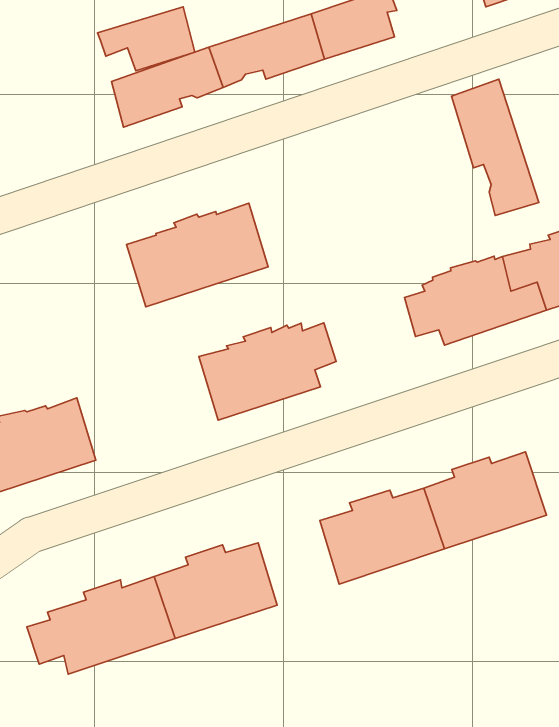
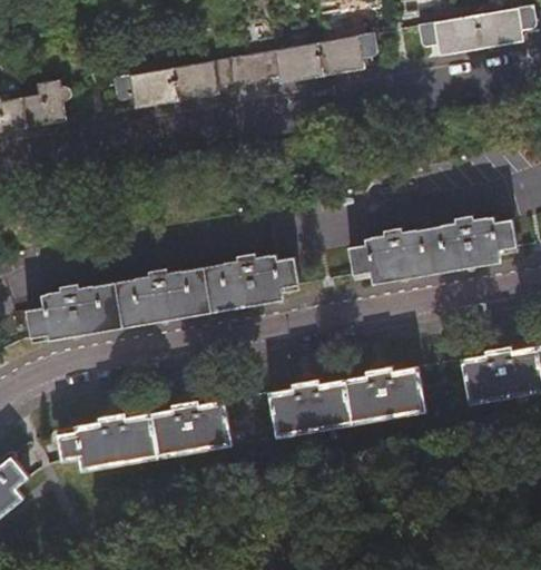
building: [98,7,195,71] -> [111,70,176,109]
building: [451,79,539,215] -> none
building: [127,203,268,307] -> [116,267,210,327]

